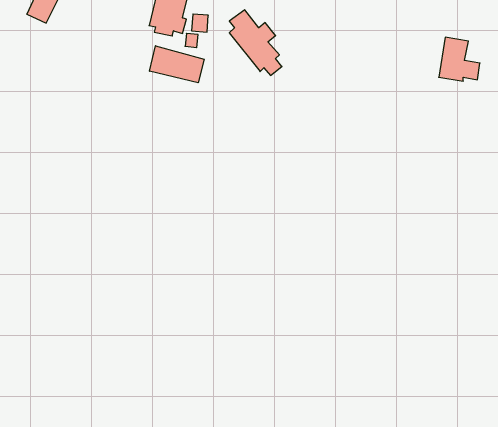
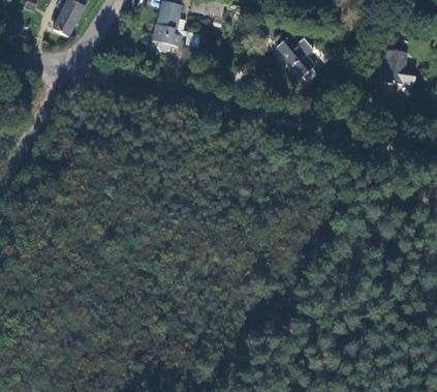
building: [229,10,282,75] -> [274,29,316,82]
building: [150,46,204,83] -> none

